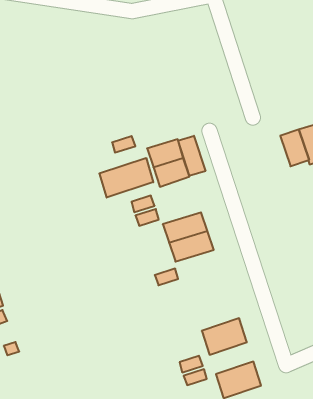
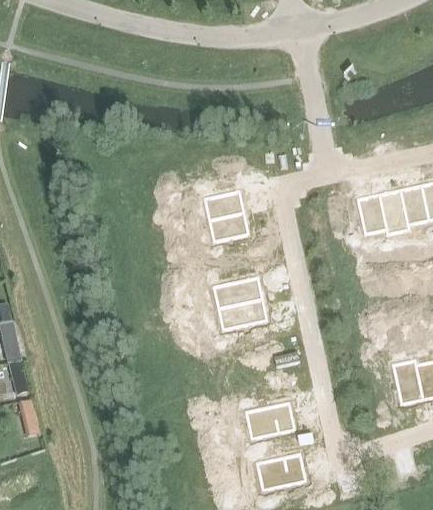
building: [178,136,205,176] -> none
building: [99,158,153,198] -> none

